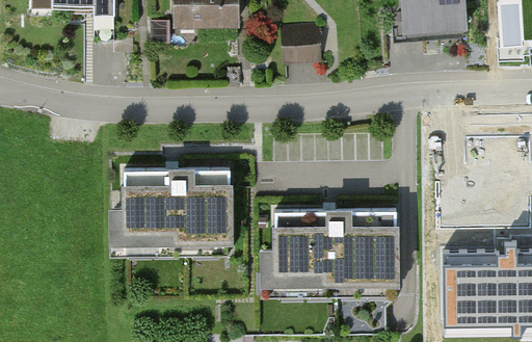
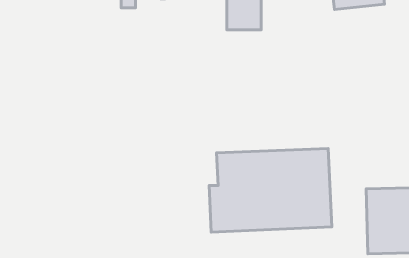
building: [100,173,235,253] -> none

